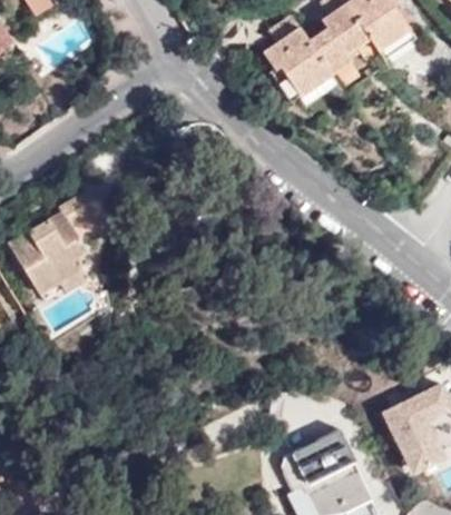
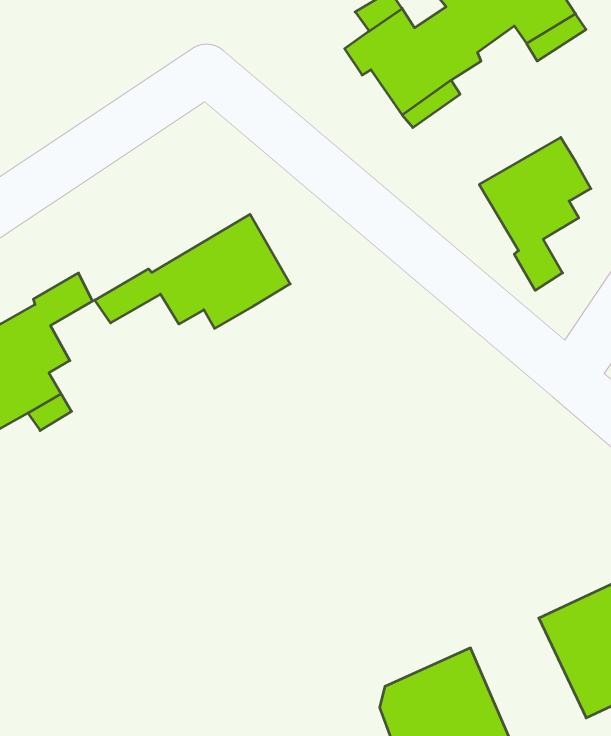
building: none -> [479,137,591,290]
building: none -> [95,214,290,328]

